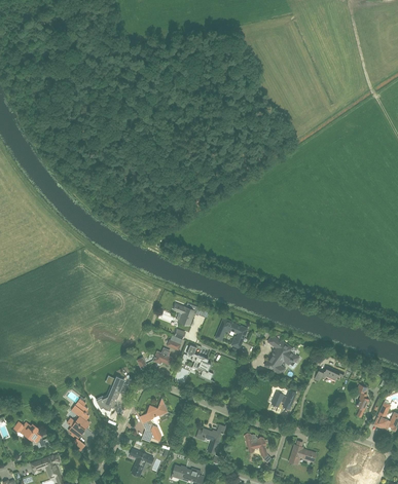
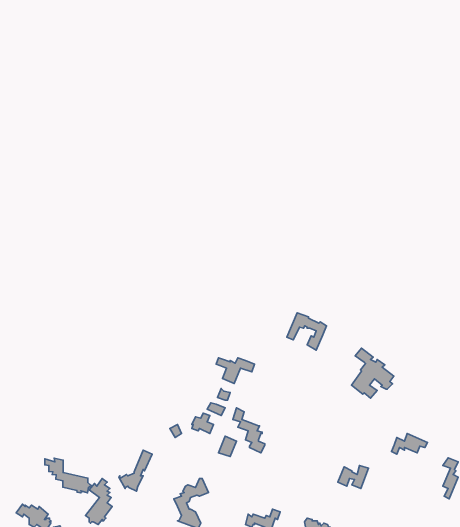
building: [215,319,247,348] -> [287,313,327,350]
building: [264,335,298,375] -> [351,348,394,398]
building: none -> [45,458,91,493]

